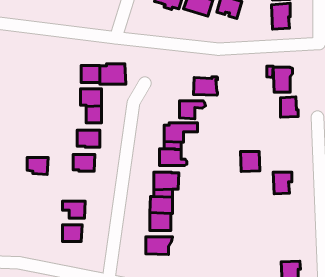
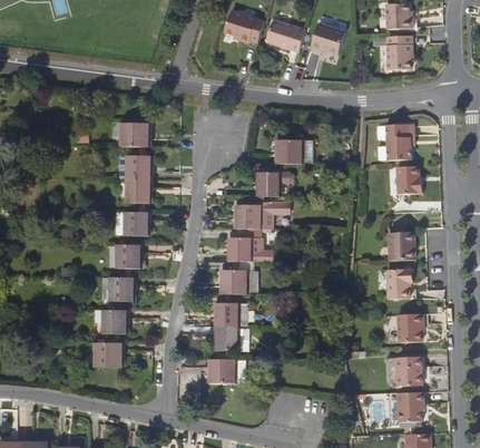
building: [100,64,126,84] -> none
building: [241,151,260,172] -> [388,233,414,261]
building: [27,157,48,174] -> [105,277,134,301]
building: none -> [398,314,423,343]
building: none -> [395,357,421,386]

